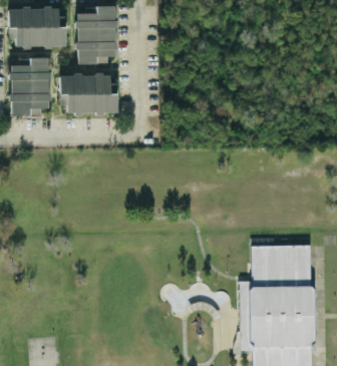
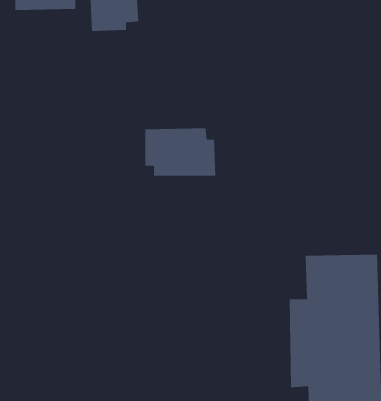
building: [10,58,50,116] -> none
building: [60,74,118,113] -> [144,128,216,176]

